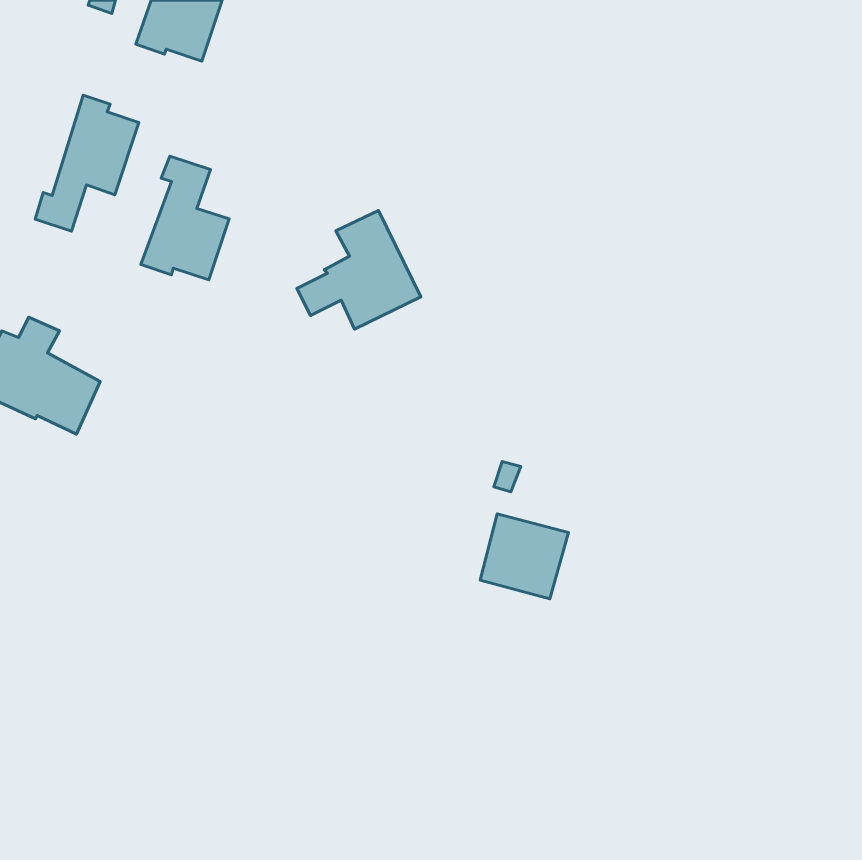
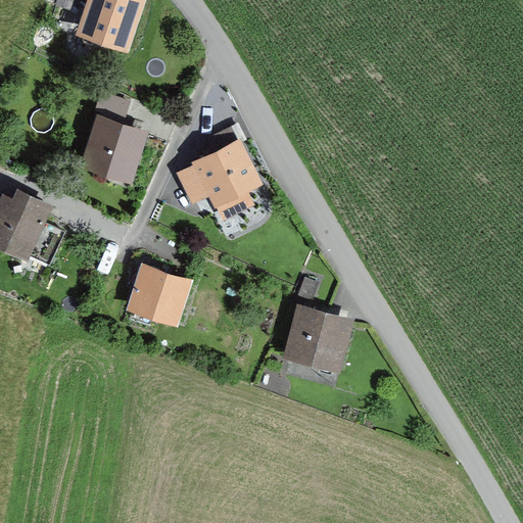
building: [35,95,139,231] -> none
building: none -> [131,270,183,322]

